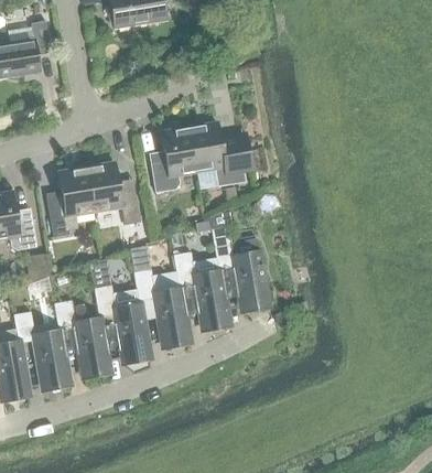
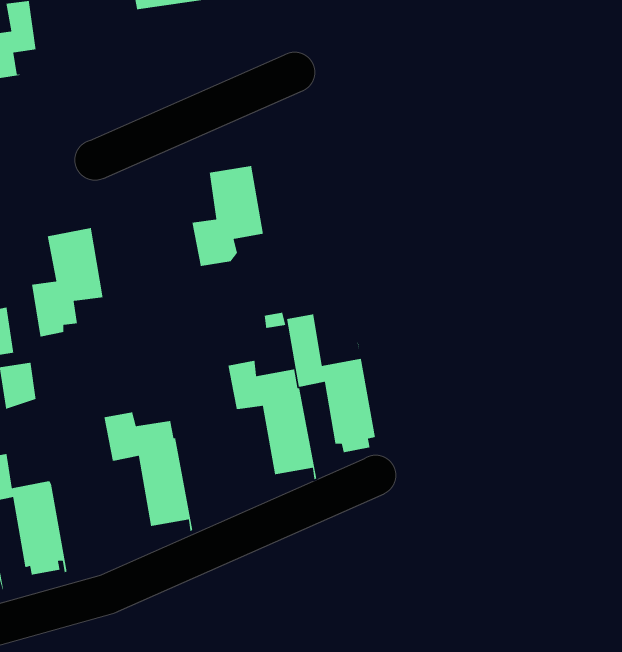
building: [188,123,256,187] -> none
building: [86,163,140,226] -> none
building: [134,270,191,346] -> none
building: [54,300,110,376] -> none

